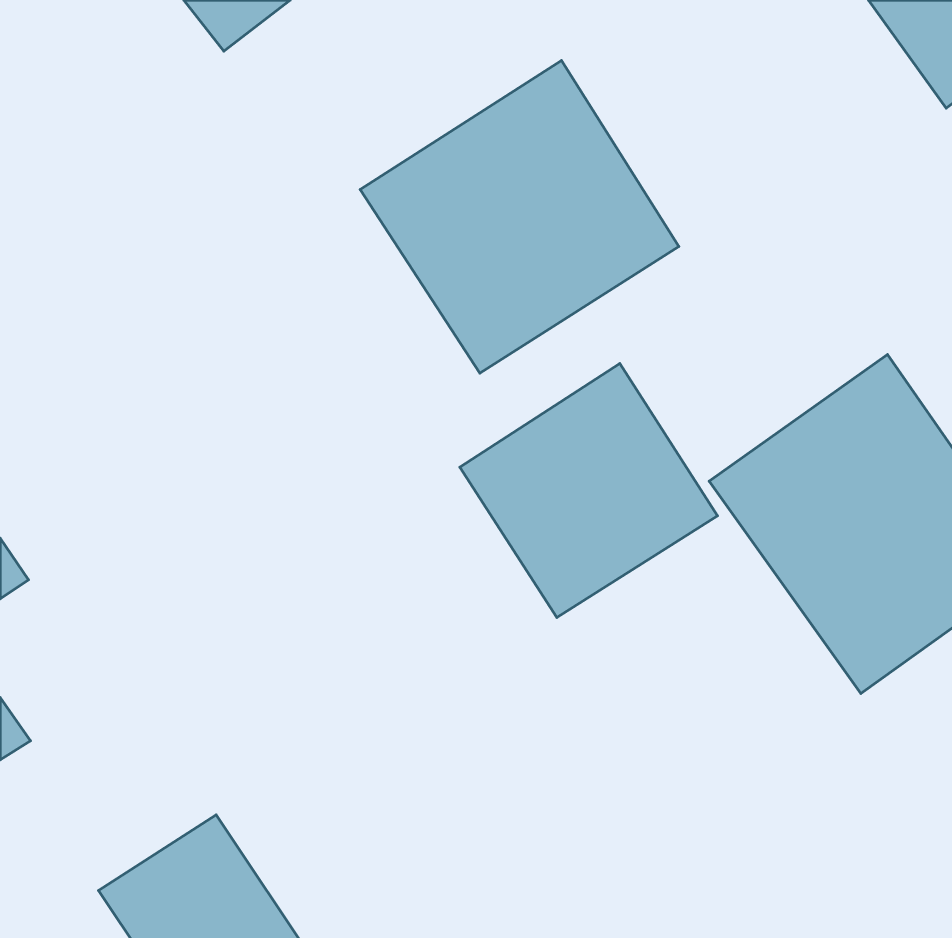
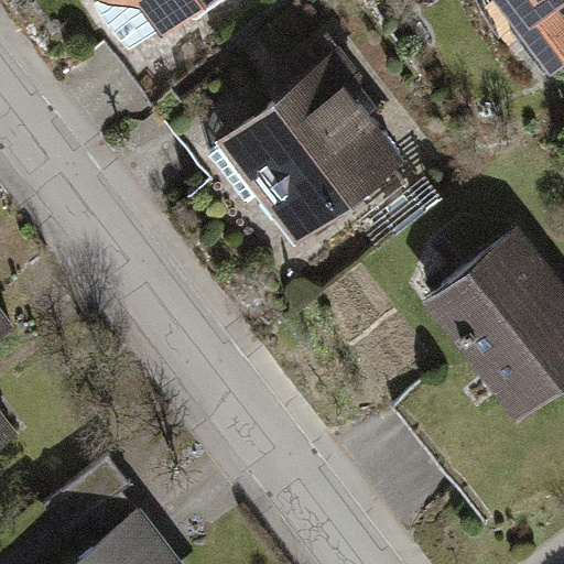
building: [460,364,717,617] -> none

